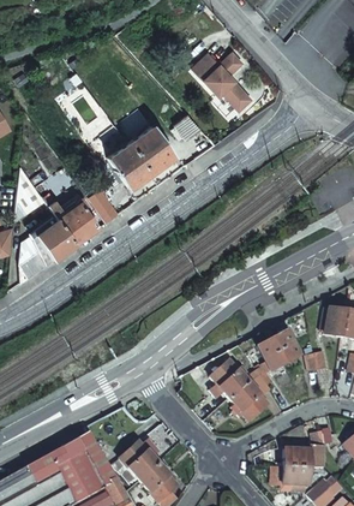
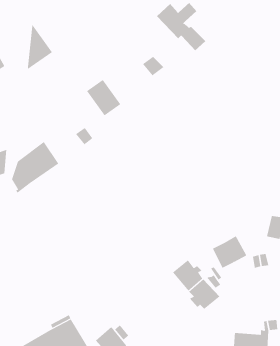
building: [127,126,173,173] -> none
building: [13,165,44,221] -> [27,23,53,70]
building: [48,192,98,244] -> none

